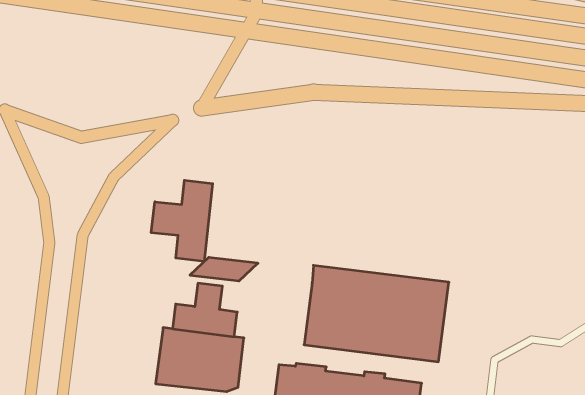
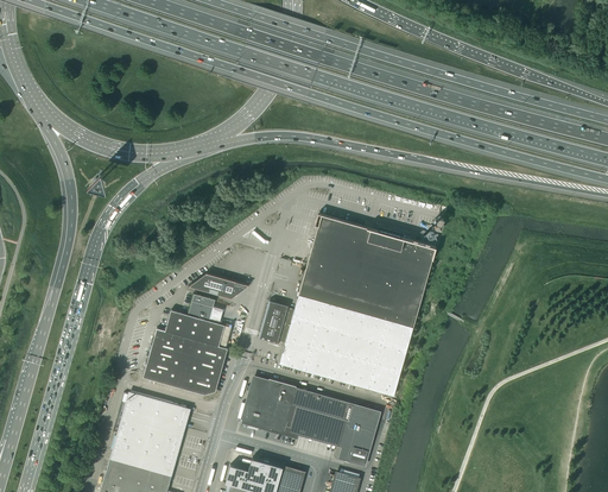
building: none -> [298,215,438,328]
building: [151,180,213,261] -> none
building: none -> [260,303,294,343]

